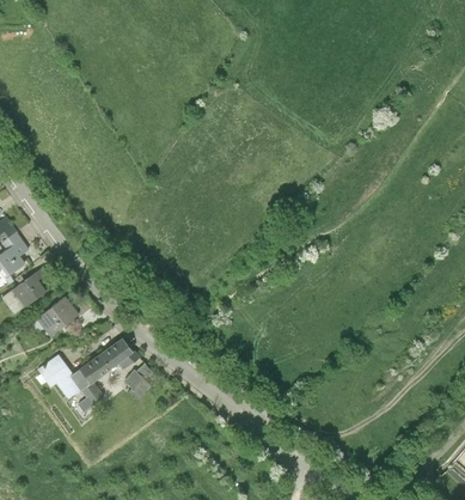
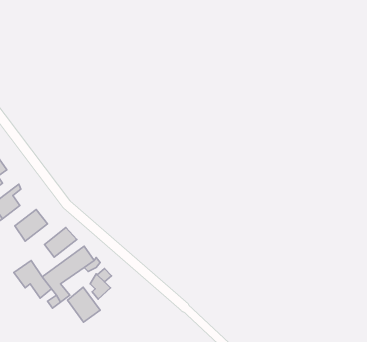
building: none -> [44,228,77,257]
building: none -> [67,287,100,322]

